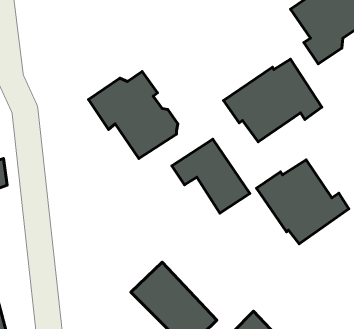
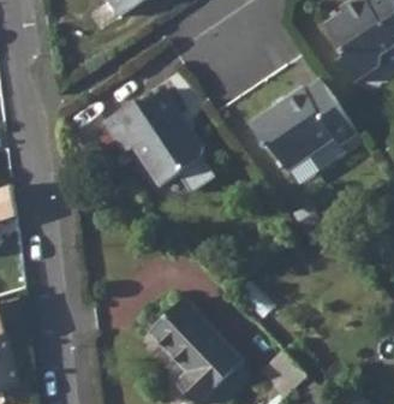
building: [172,139,250,213] -> none
building: [257,160,349,244] -> none

